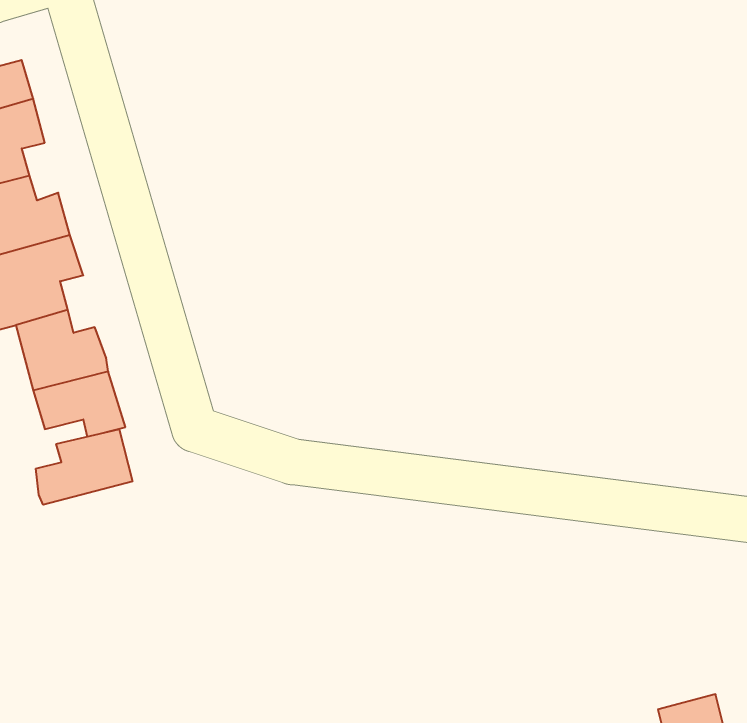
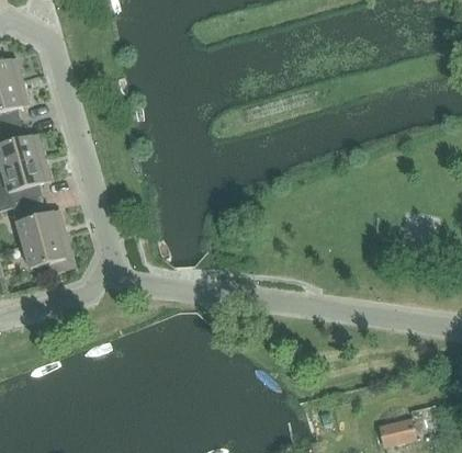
building: [36,429,132,505] -> none

